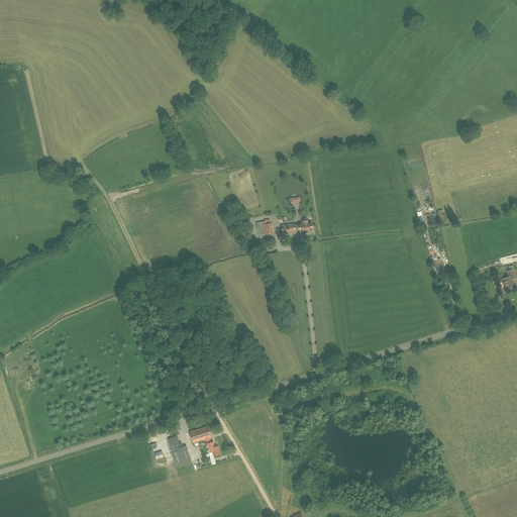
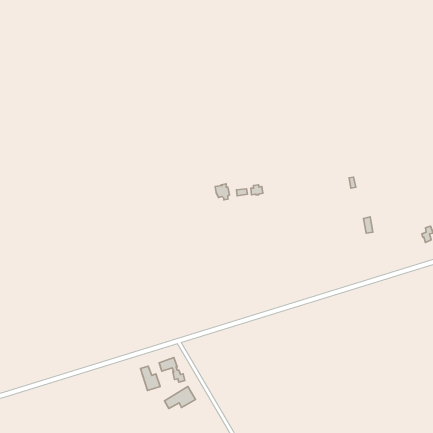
building: none -> [165,387,195,408]

